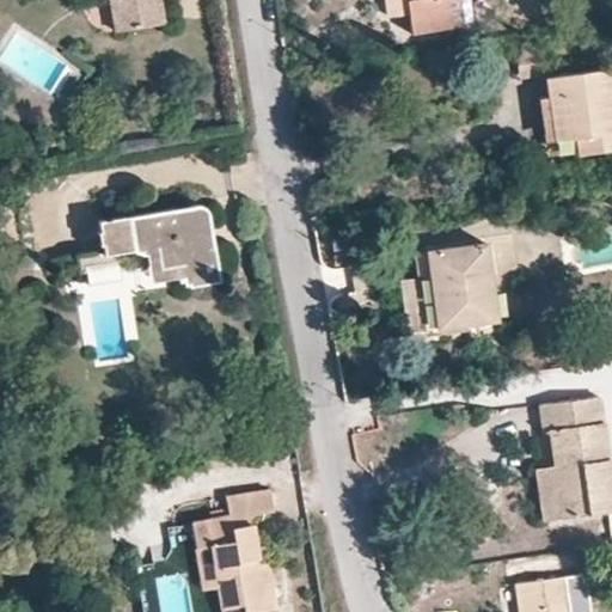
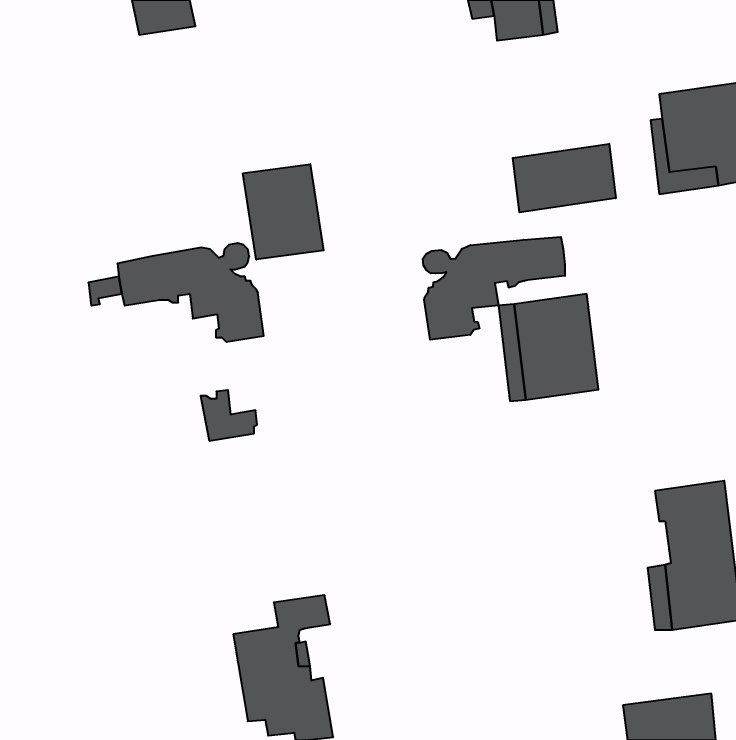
building: none -> [513,144,616,212]
building: none -> [243,164,324,260]
building: none -> [423,237,565,340]
building: [137,243,184,284] -> [201,390,257,441]

